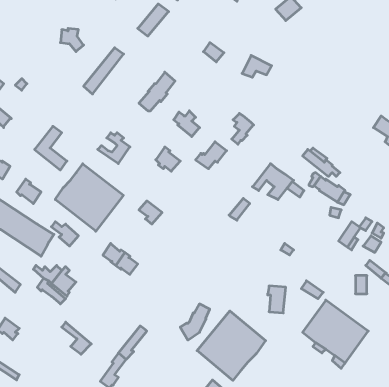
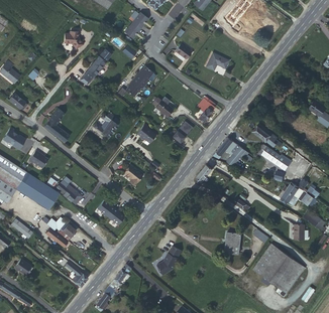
building: [55,164,123,231] -> none
building: [197,311,266,380] -> none

